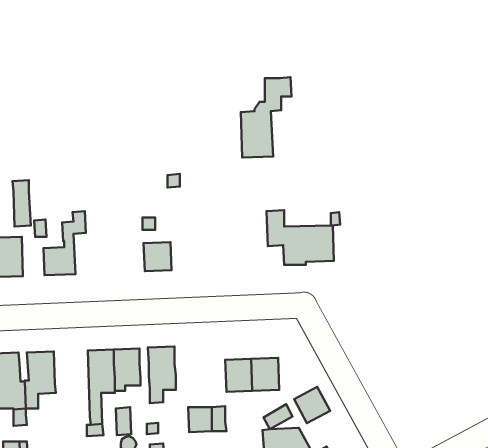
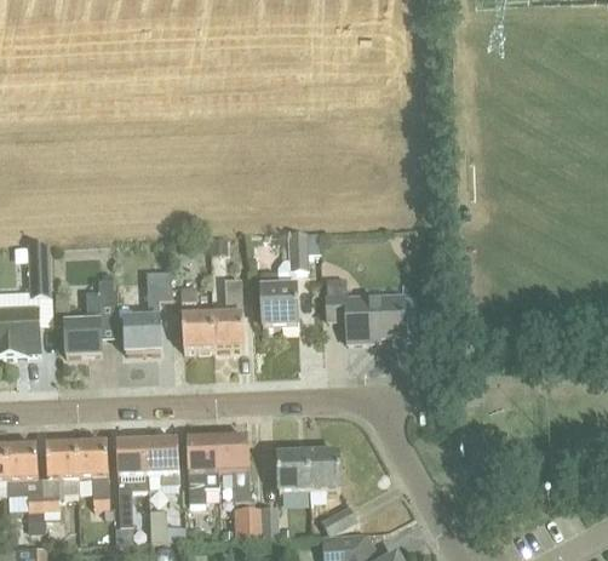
building: [241,77,292,158] -> [260,230,320,325]
building: none -> [124,270,171,350]
building: none -> [213,279,243,347]
building: none -> [218,435,249,500]
building: none -> [76,441,109,506]
building: [294,387,330,423] -> none

